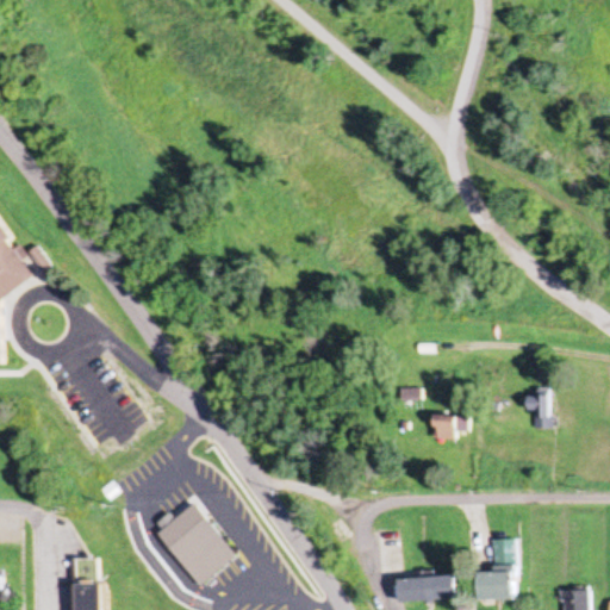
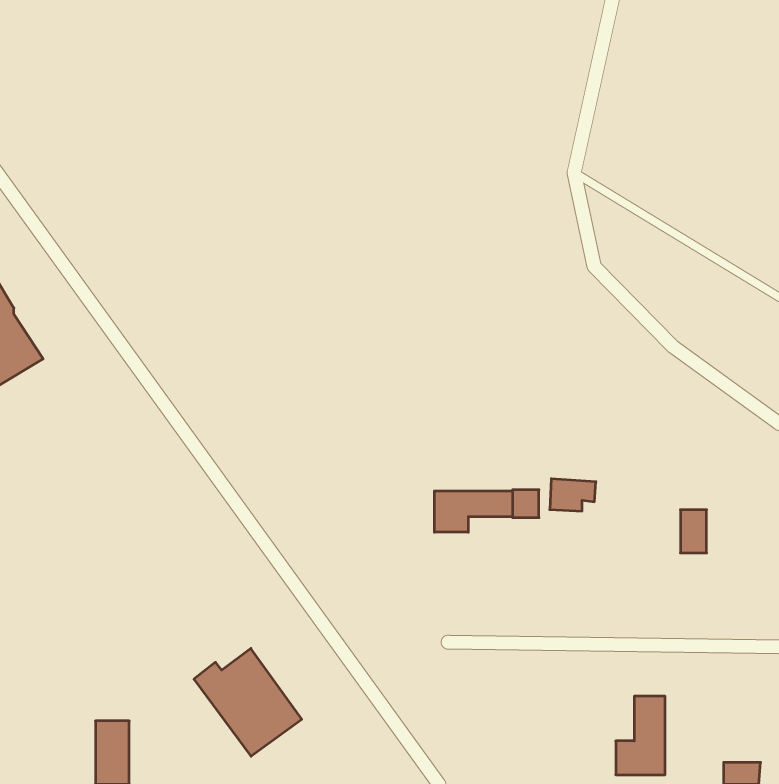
building: none -> [434,491,513,532]
building: [430,415,466,440] -> [550,479,596,511]
building: [399,577,459,600] -> none

